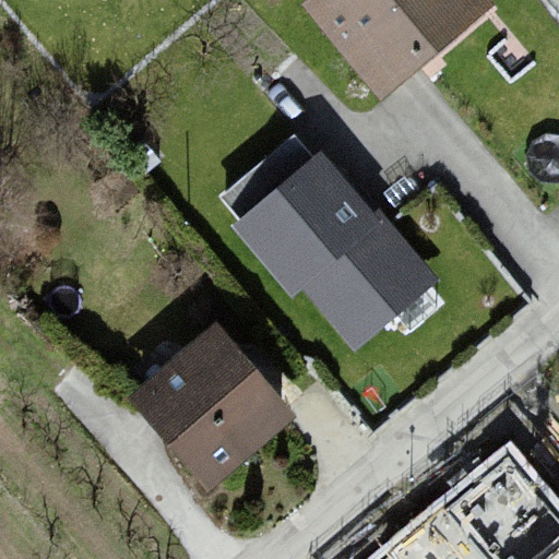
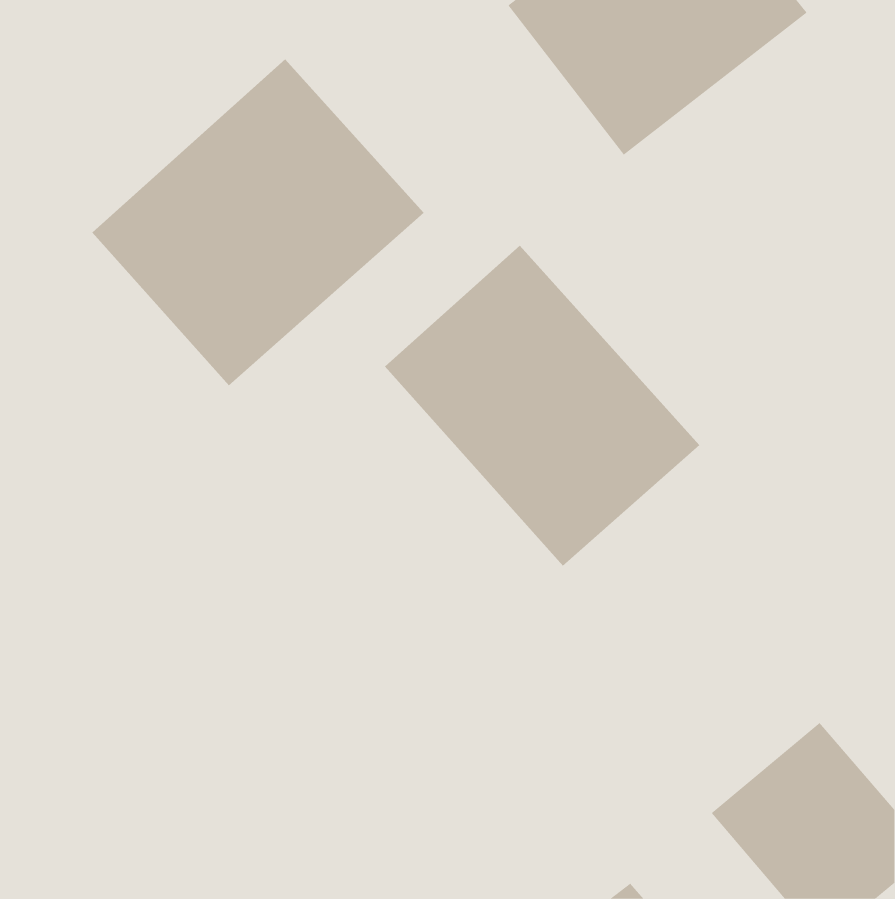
building: none -> [91,59,424,386]
building: [131,326,295,490] -> none

